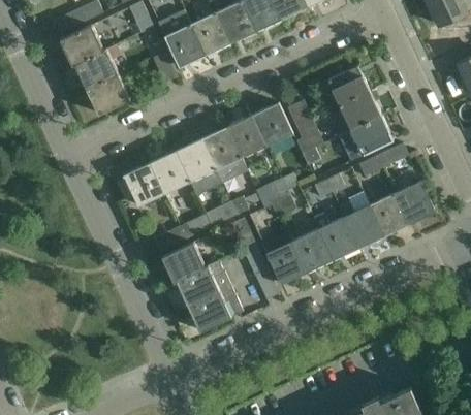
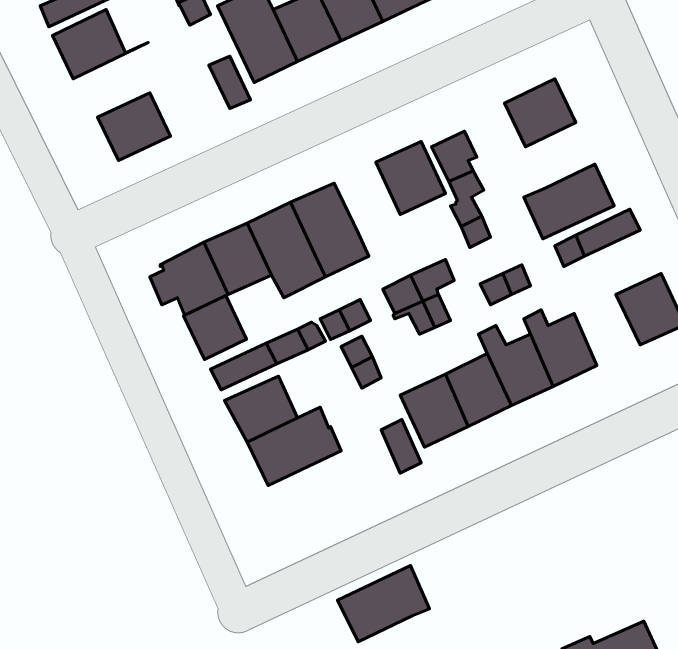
building: [71,43,121,88] -> none
building: [340,91,381,130] -> none
building: [226,115,265,157] -> none
building: [369,193,408,235] -> none
building: none -> [184,295,247,359]
building: [187,286,242,331] -> [337,565,430,642]

